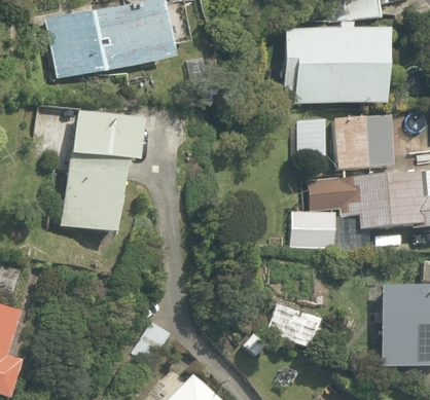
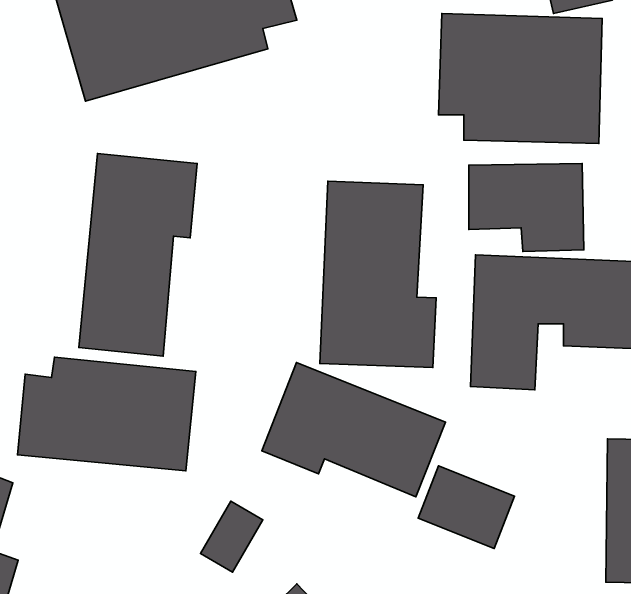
building: none -> [320,181,436,368]
building: none -> [18,357,196,471]
building: none -> [262,362,445,497]

